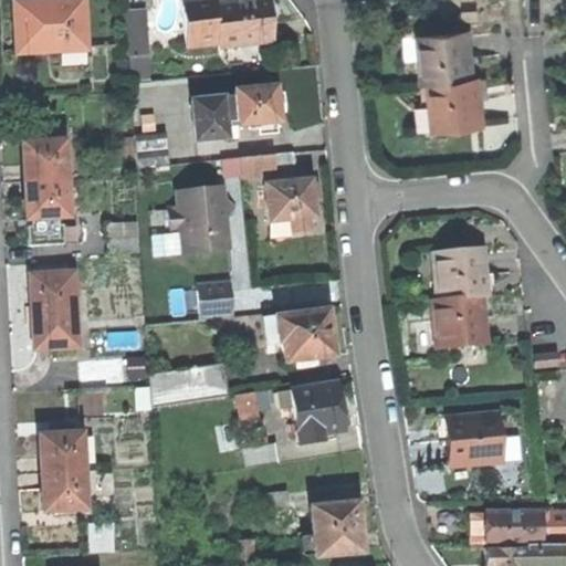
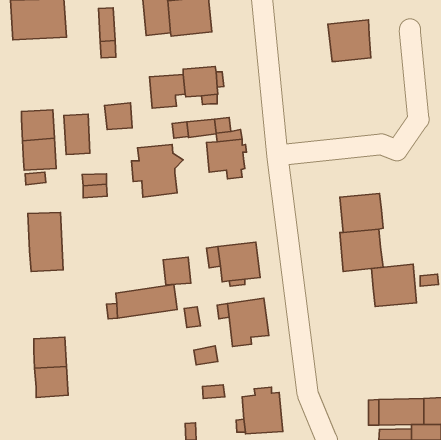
building: [430,73,485,126] -> none
building: none -> [64,114,90,154]
building: [197,281,232,316] -> [163,257,191,285]
building: [444,411,502,465] -> [372,264,417,306]

